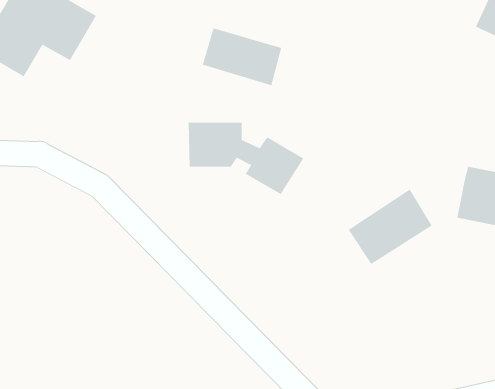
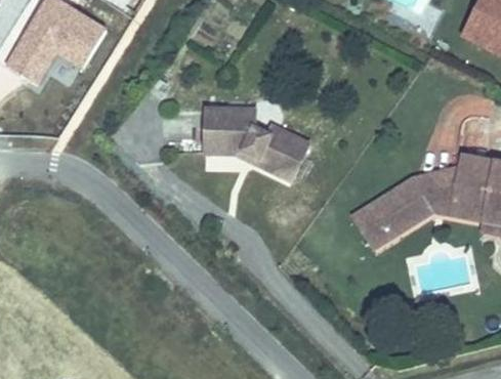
building: [202,28,282,86] -> none
building: none -> [408,169,458,212]

